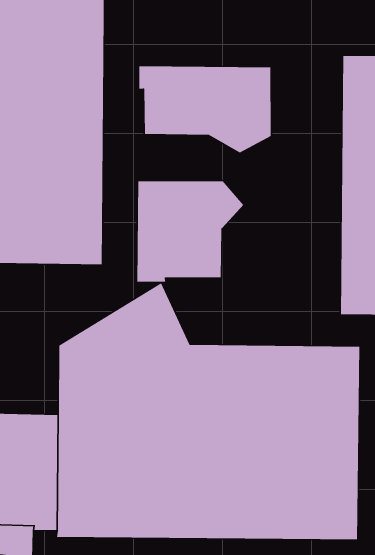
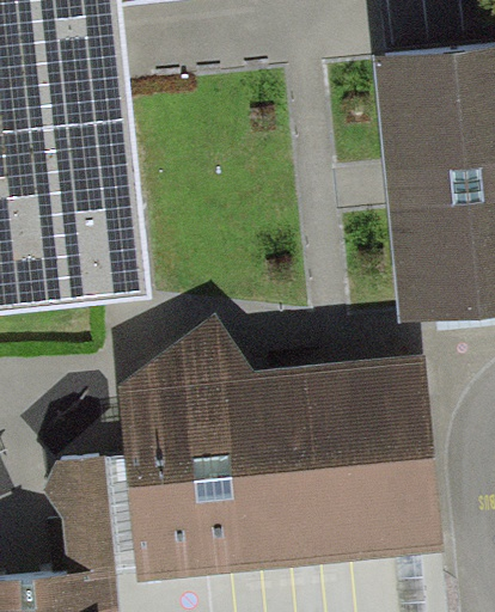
building: [138,65,272,153] -> none
building: [136,181,244,282] -> none

